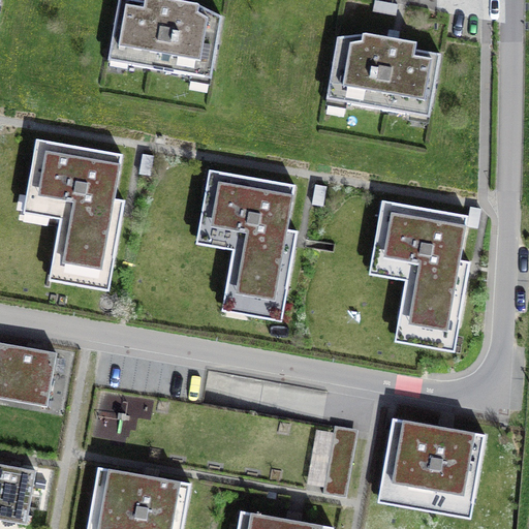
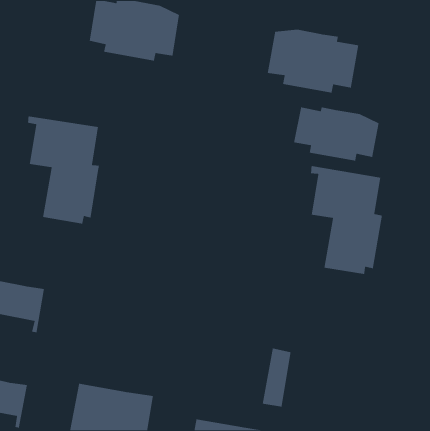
building: none -> [293,106,379,162]
building: [206,173,294,307] -> none
building: [379,421,484,512] -> none

